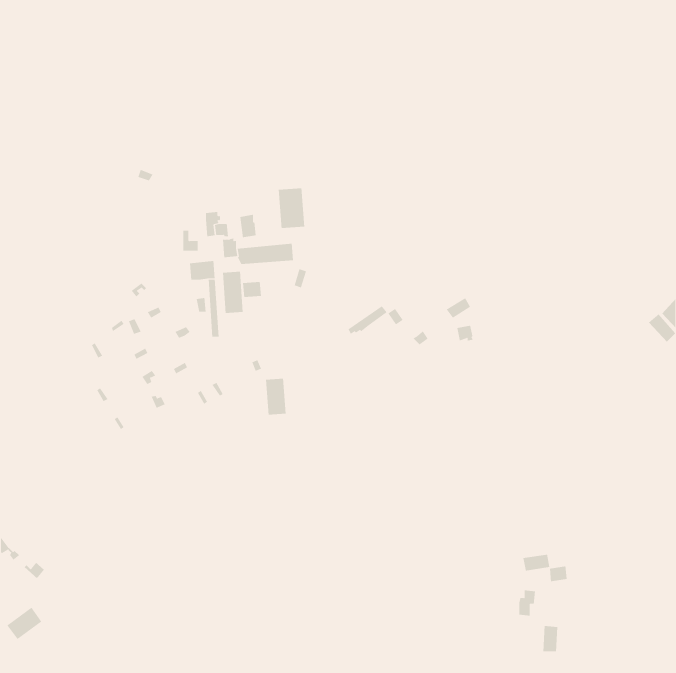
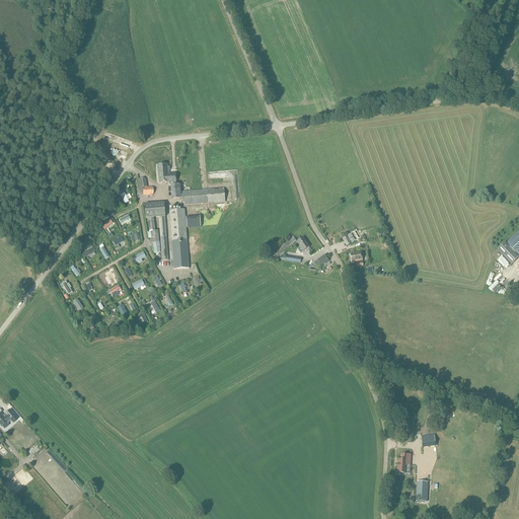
building: [278,188,305,229] -> none
building: [265,378,286,415] -> [172,239,189,268]

